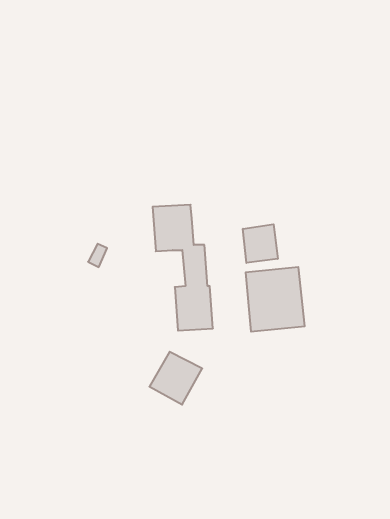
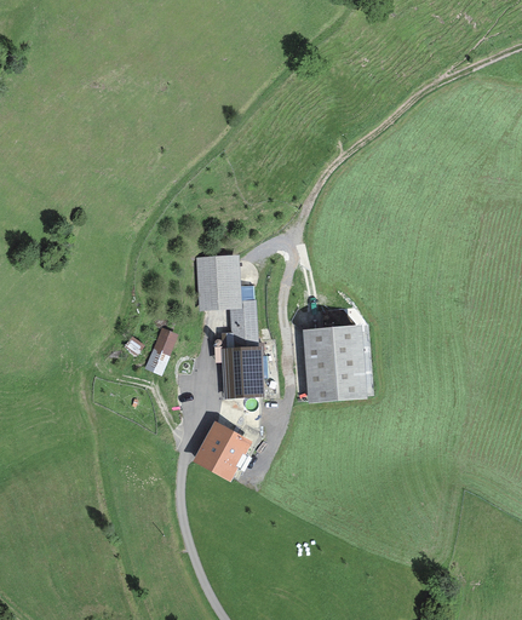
building: [243,224,278,263] -> none
building: none -> [145,327,180,377]

